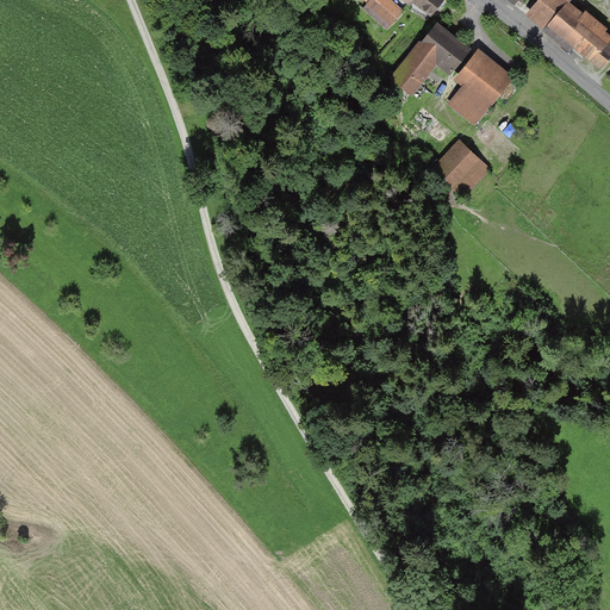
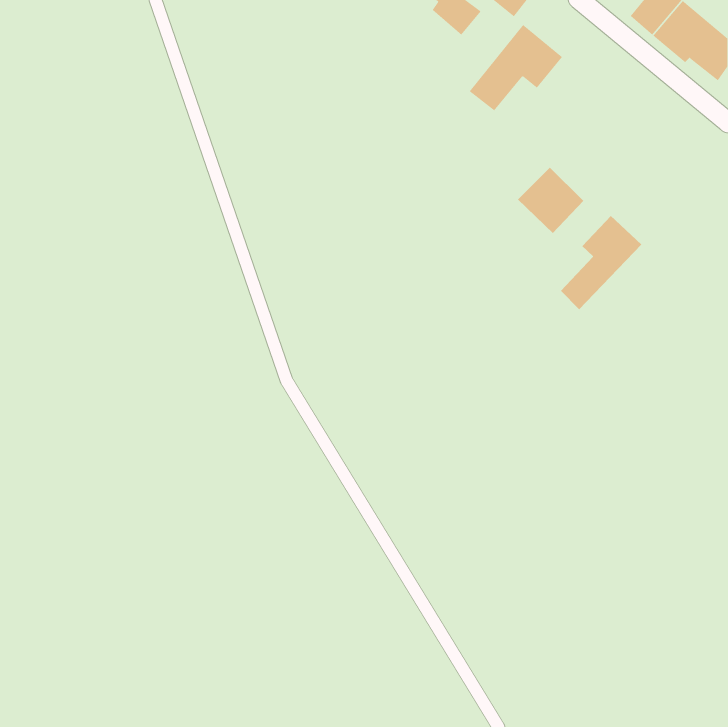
building: [449,48,513,124] -> none
building: none -> [560,215,642,310]

